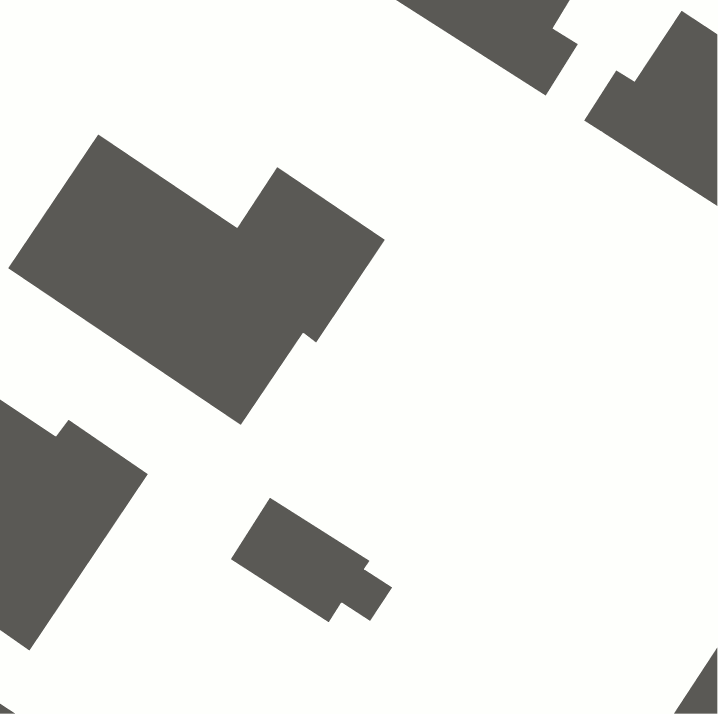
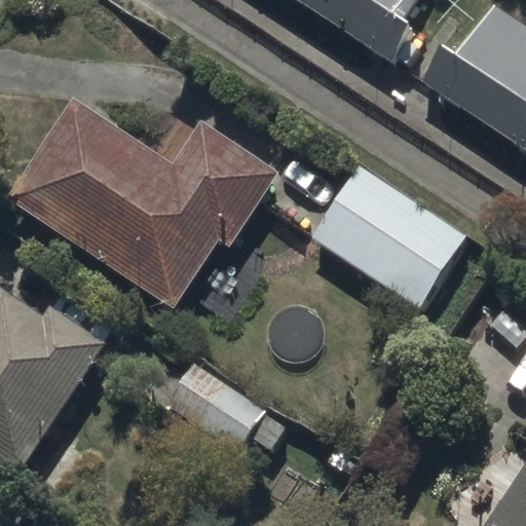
building: none -> [310,162,465,306]

